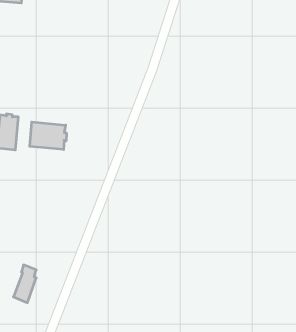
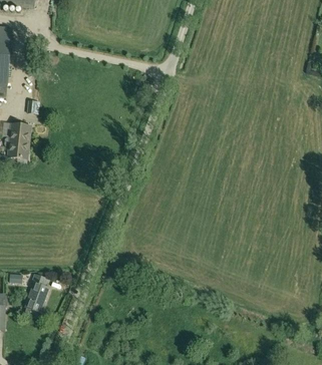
building: [30,122,66,150] -> none

